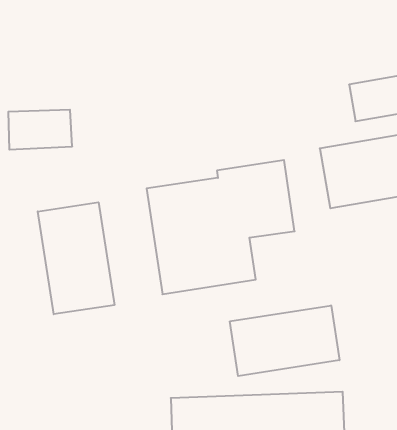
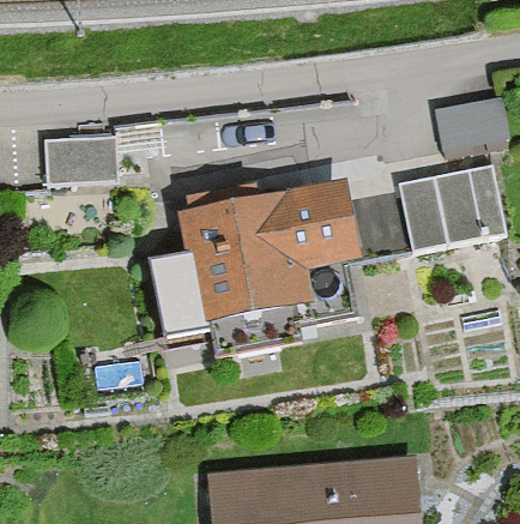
building: [38,202,114,314] -> none
building: [230,305,339,376] -> none

